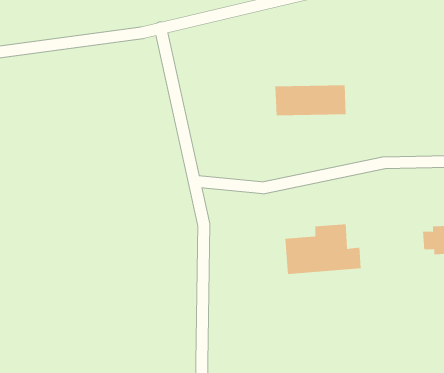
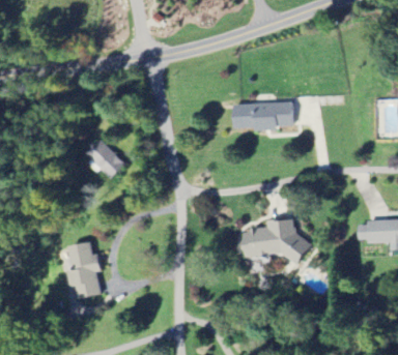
building: none -> [82,140,124,179]
building: none -> [65,241,101,297]

